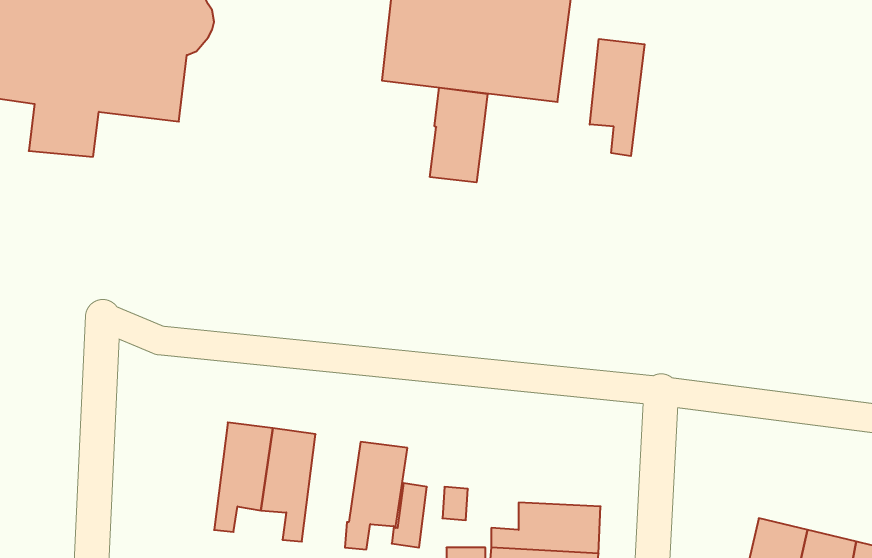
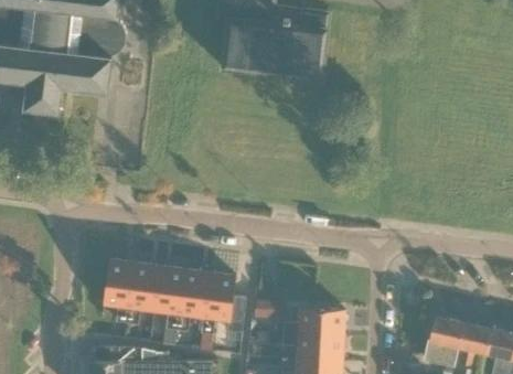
building: [590,39,645,156] -> none
building: [430,88,488,182] -> none
building: none -> [104,259,136,323]
building: none -> [178,269,211,331]

